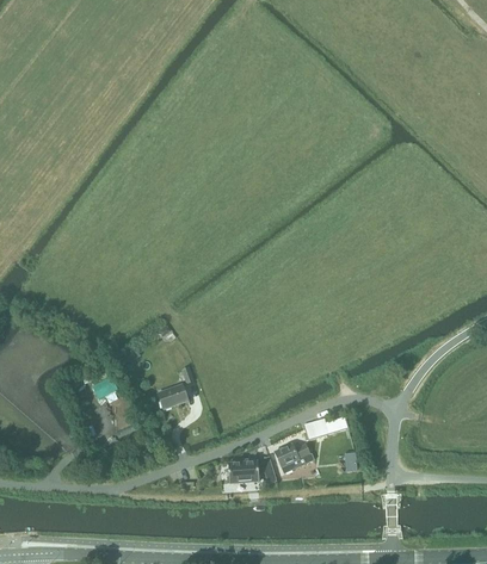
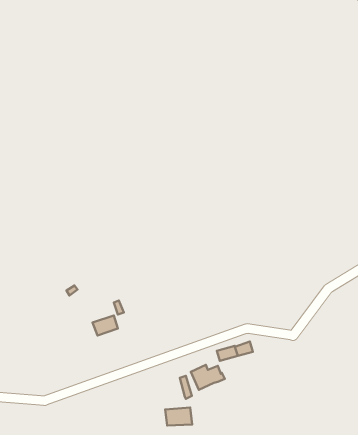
building: [228,460,260,482] -> [165,407,192,425]

